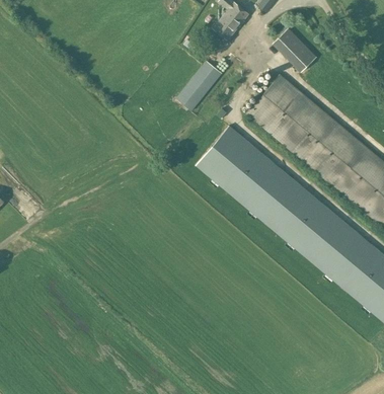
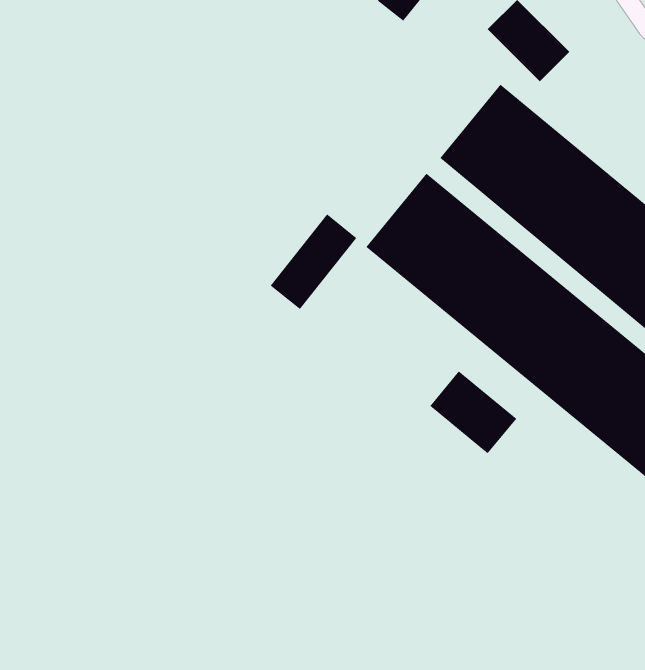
building: [173,62,220,113] -> [270,213,357,310]
building: none -> [429,370,517,454]

